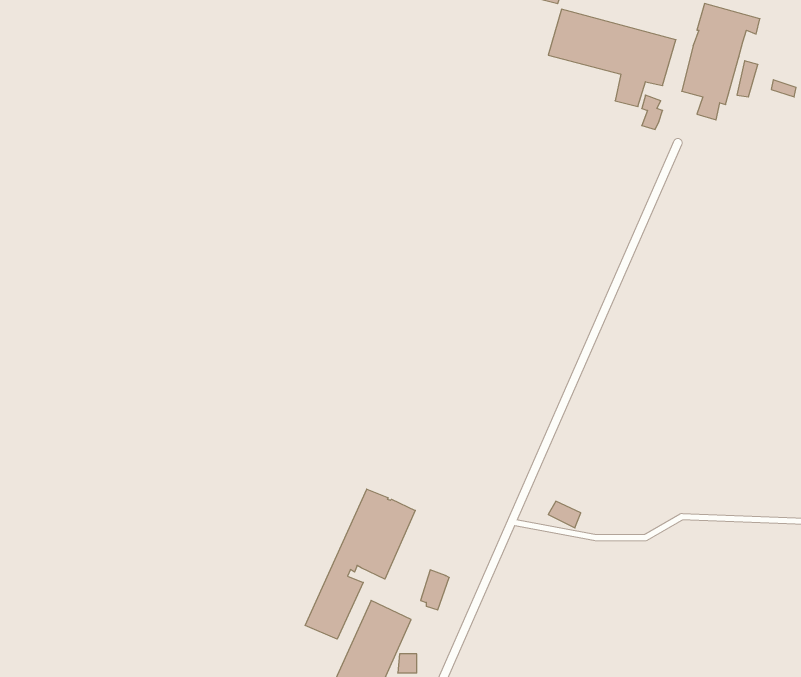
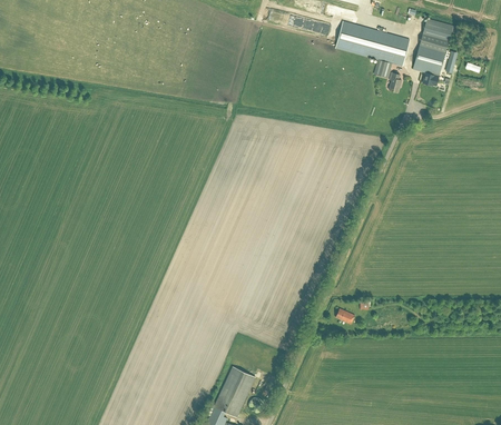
building: [305,489,415,639] -> none

